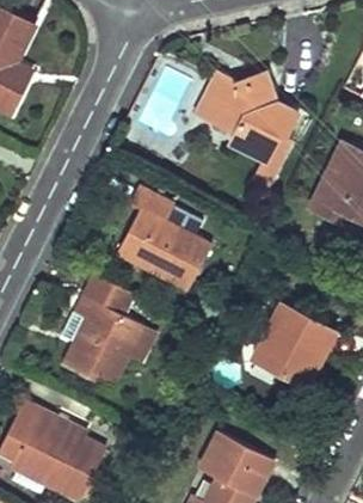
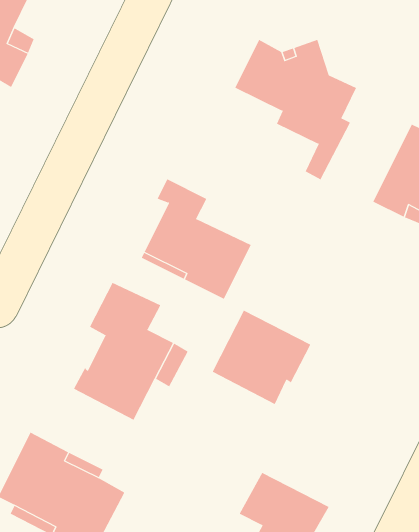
building: [254,303,337,382] -> [212,310,311,405]

